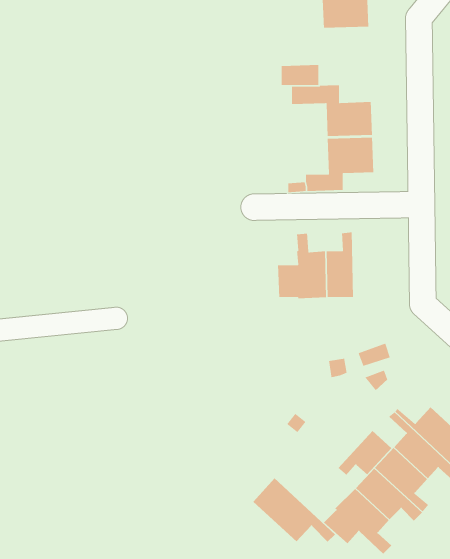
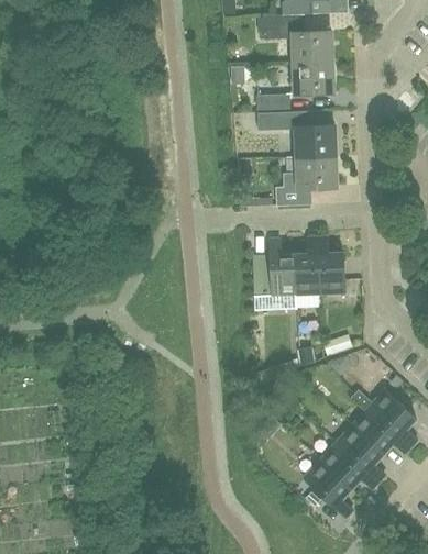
building: none -> [292,62,332,93]
building: none -> [317,237,343,295]
building: [338,430,392,476] -> none
building: [253,478,336,543] -> none

